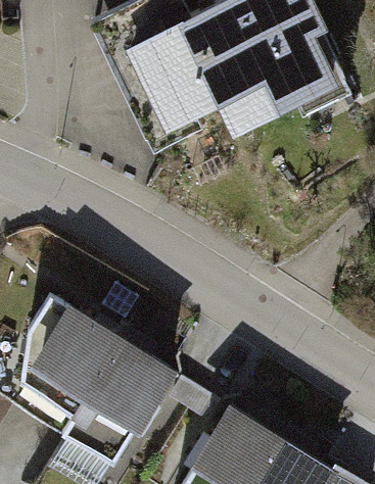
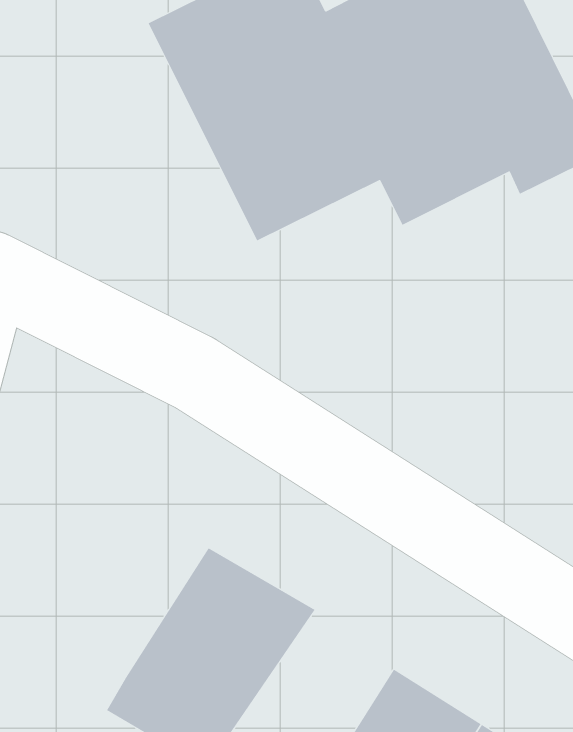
building: [28,289,125,404] -> none

